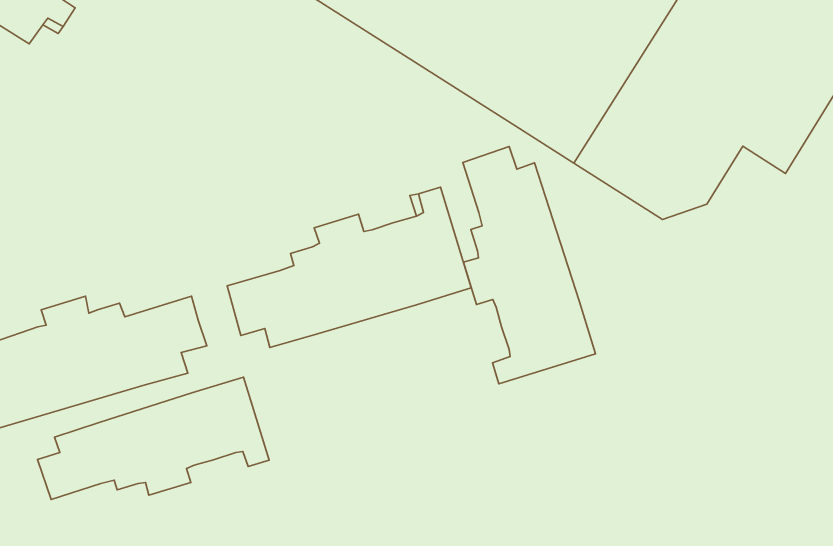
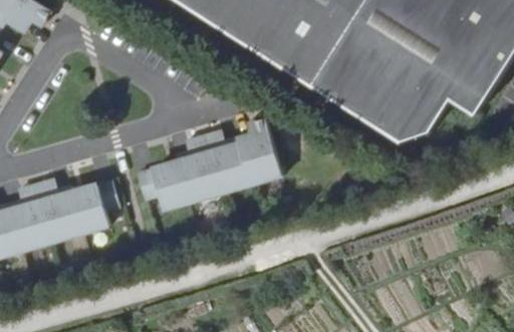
building: [463,147,595,384] -> none
building: [37,377,269,500] -> none

